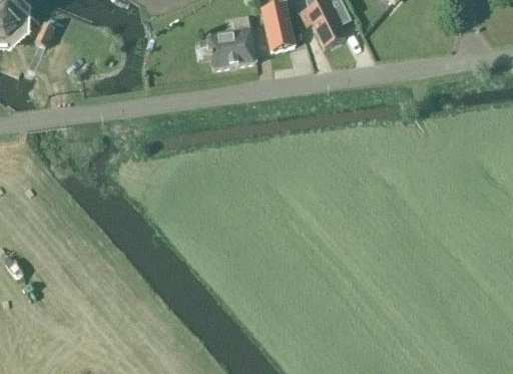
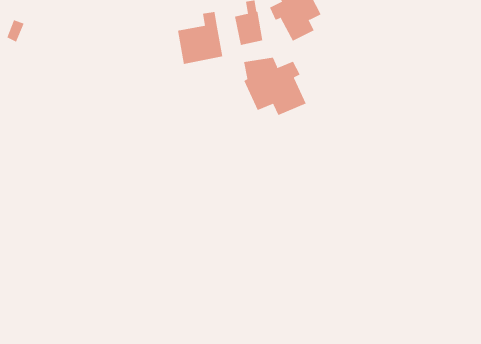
building: none -> [243,57,307,116]

